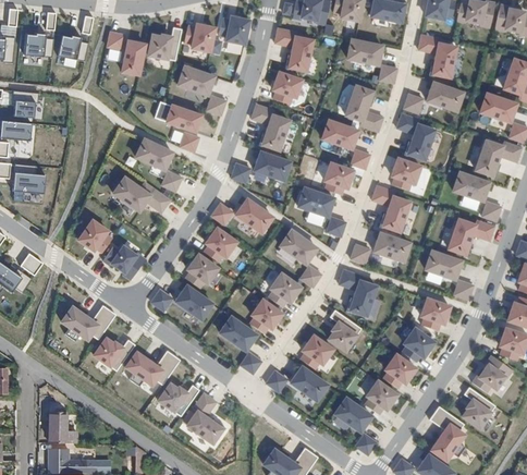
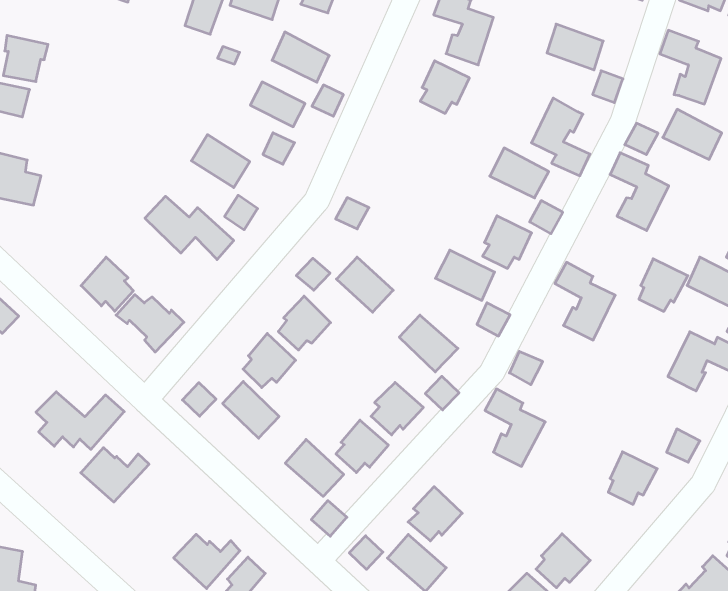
building: [252,103,289,149] -> none
building: [254,151,290,180] -> none
building: [392,158,420,190] -> [639,259,688,311]
building: [373,232,409,260] -> none
building: [425,249,461,278] -> none
building: [329,309,361,350] -> none
building: [402,327,433,361] -> none
building: [126,350,181,386] -> none

